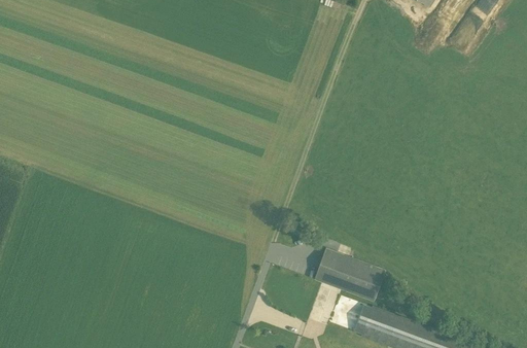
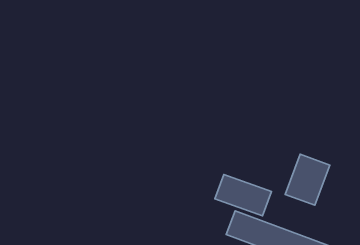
building: none -> [285,154,330,205]

